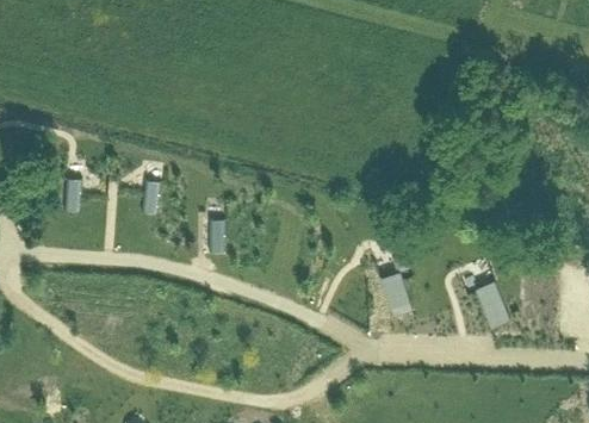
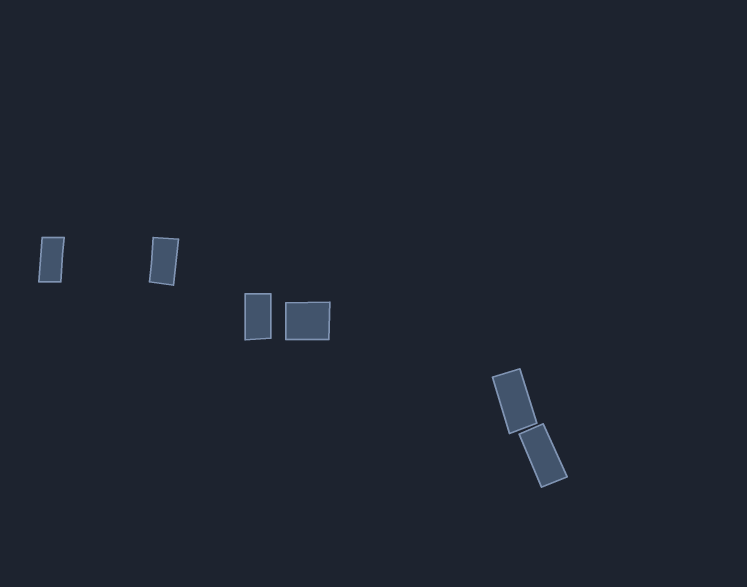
building: none -> [286,302,330,339]
building: [475,282,508,326] -> [519,424,567,487]

